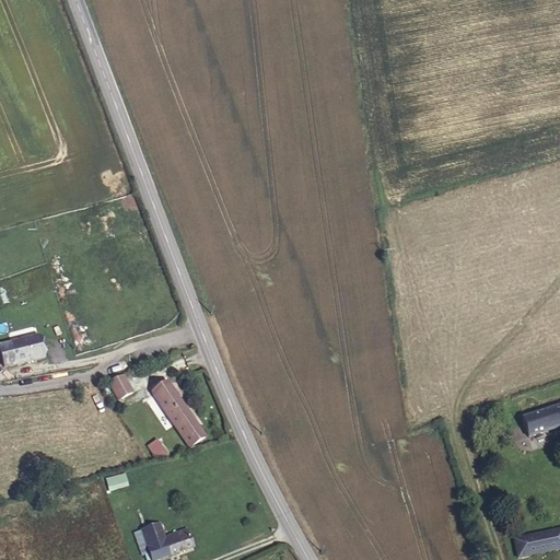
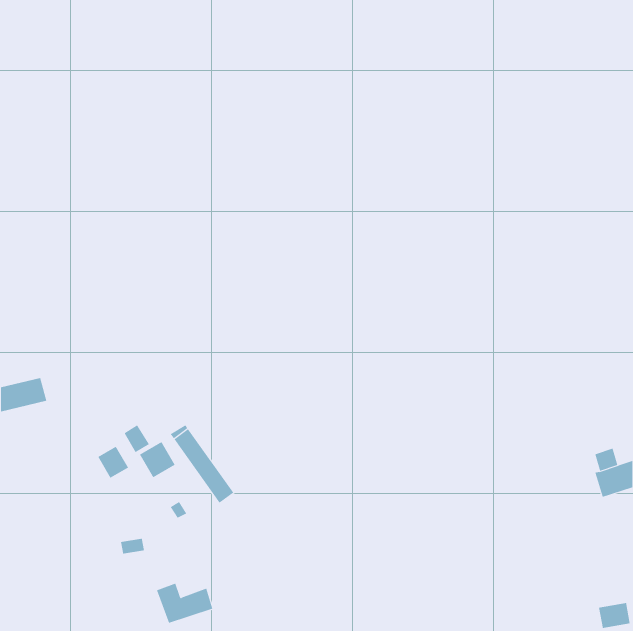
building: none -> [139,441,175,478]
building: none -> [97,446,129,478]

